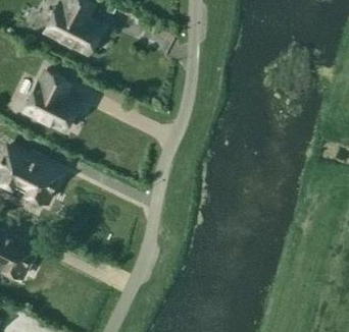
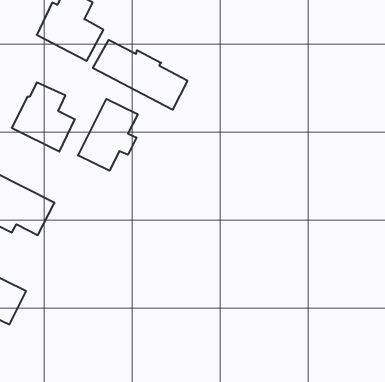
building: none -> [93,40,187,110]
building: none -> [78,99,138,171]

